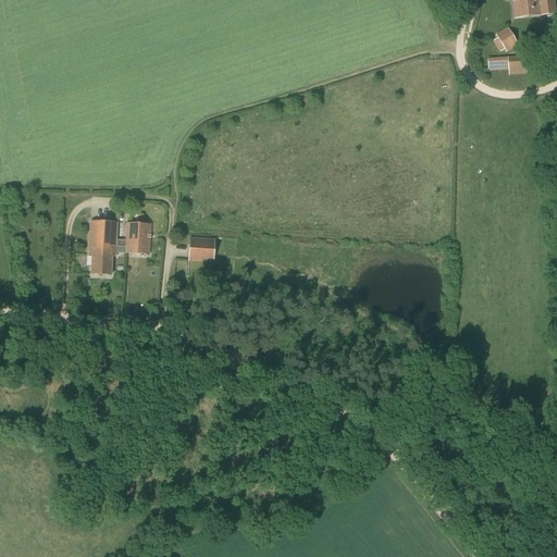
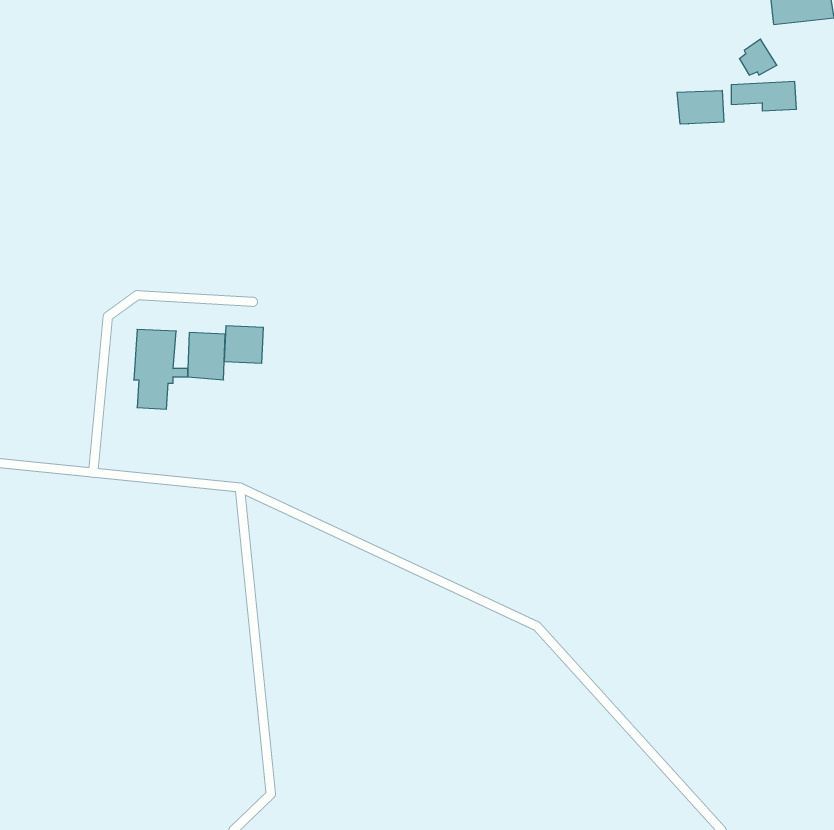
building: none -> [677,90,724,124]
building: [188,236,214,261] -> [224,326,263,363]

